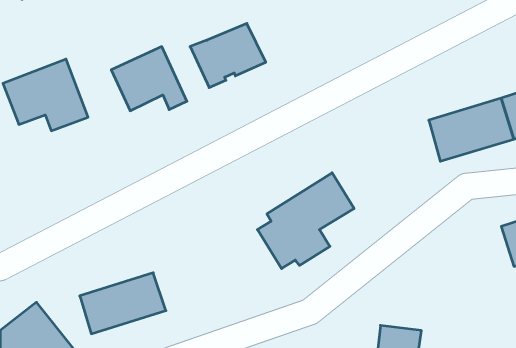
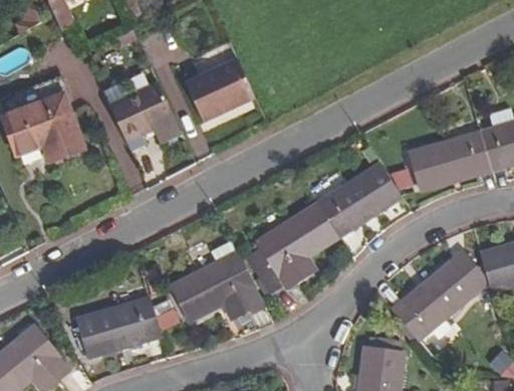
building: none -> [318,164,402,236]
building: none -> [172,251,261,320]
building: none -> [393,261,475,340]

